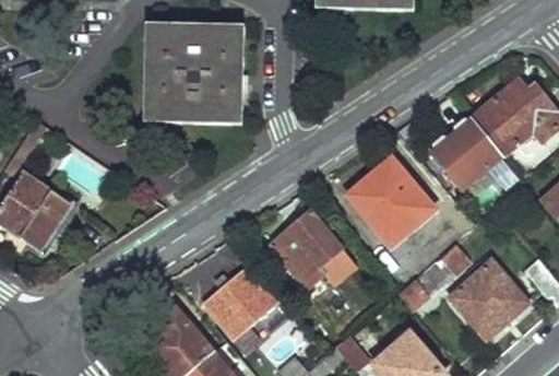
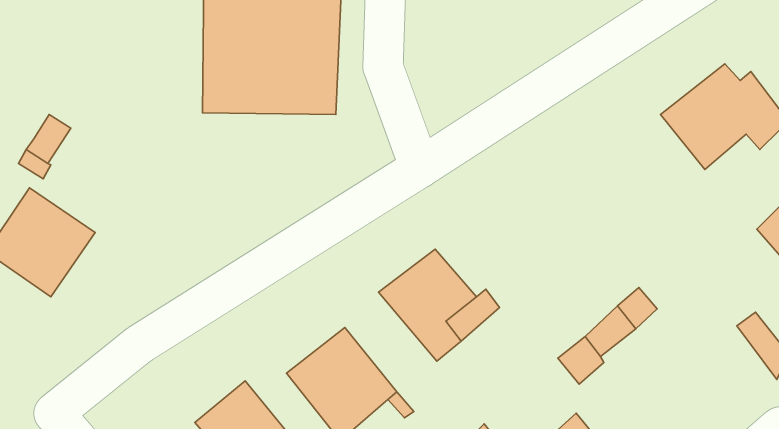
building: [431,118,503,191] -> none
building: [346,160,433,244] -> none
building: [451,259,528,337] -> none

